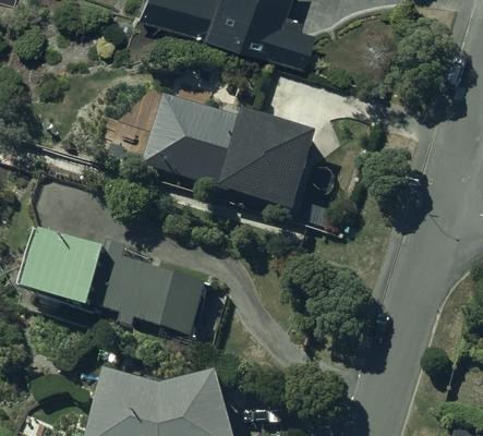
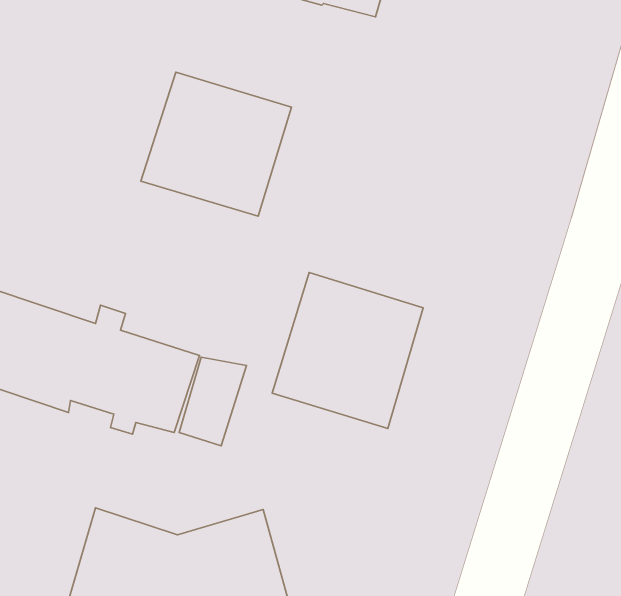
building: [218,112,316,214] -> [272,273,423,428]

